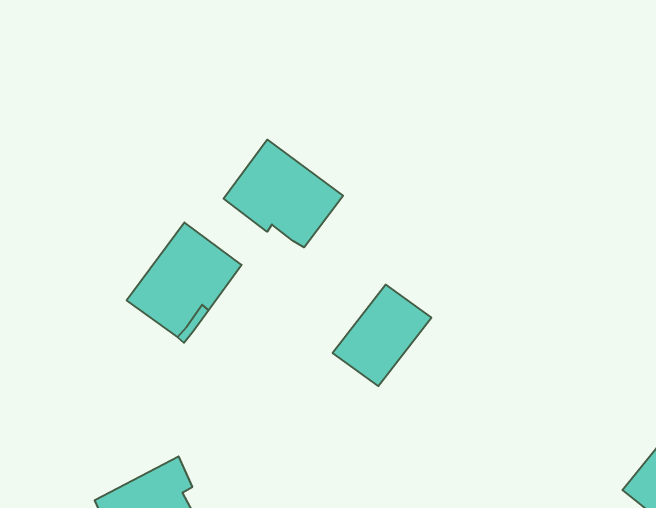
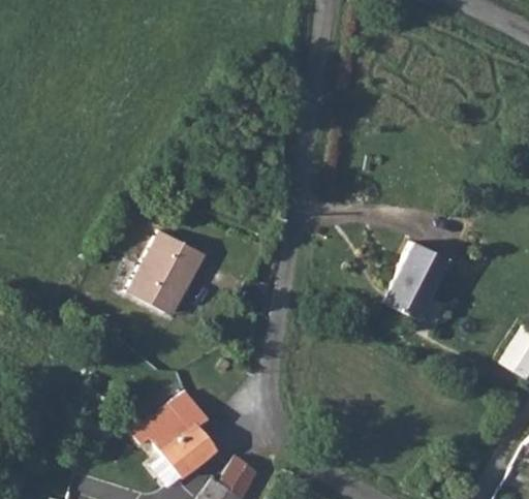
building: [224,140,343,247] -> none
building: [333,285,431,386] -> [381,243,446,315]

